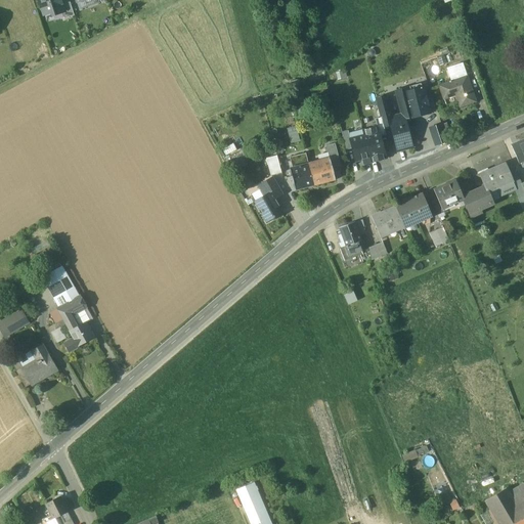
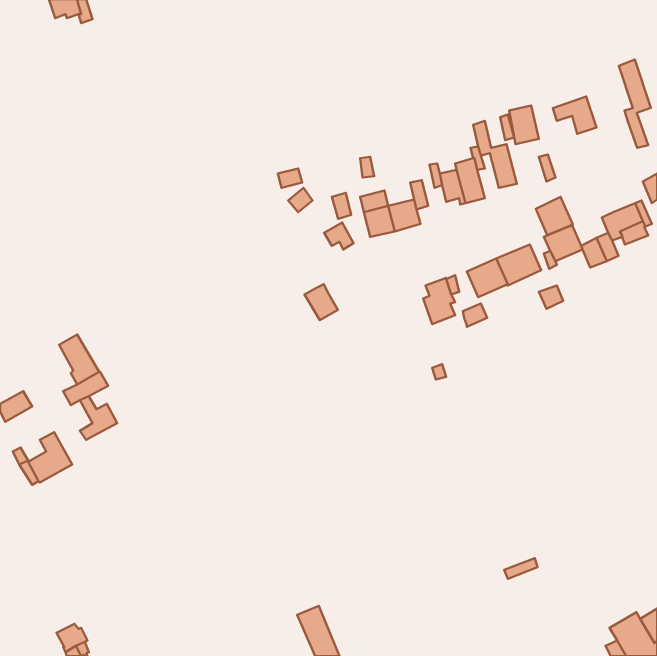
building: none -> [619,59,651,148]
building: none -> [536,197,573,235]
building: [255,192,281,221] -> [304,284,338,320]

